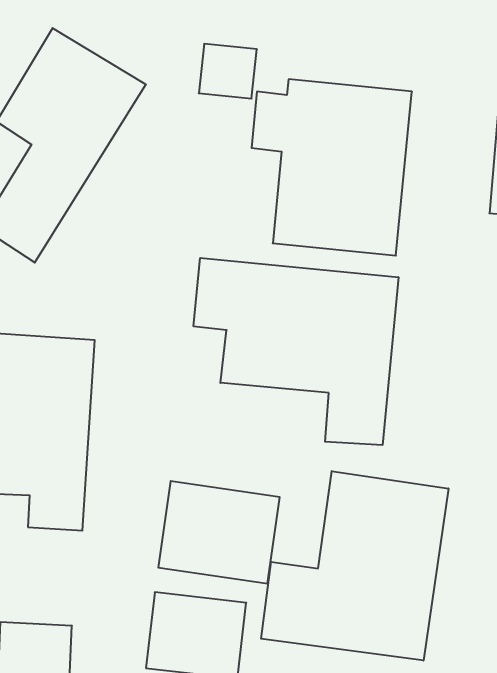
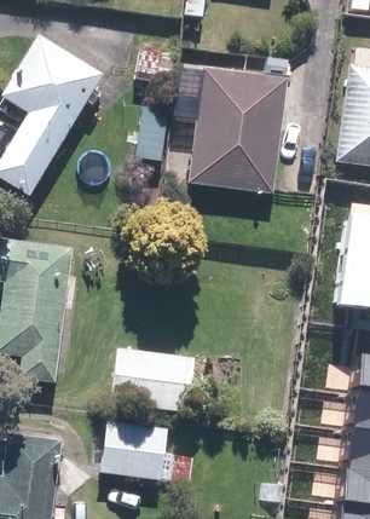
building: [194,258,398,445] -> none
building: [261,471,448,661] -> none

